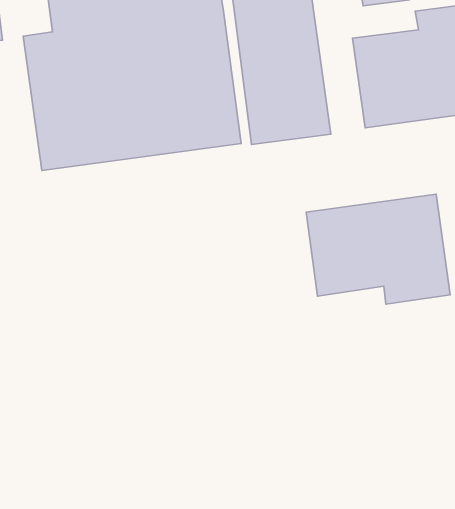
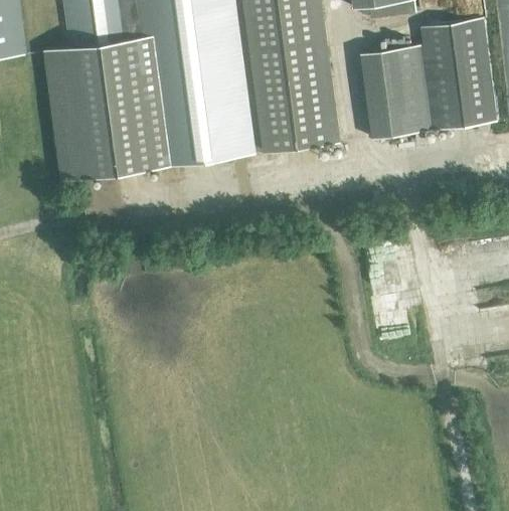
building: [306,194,450,304] -> none

